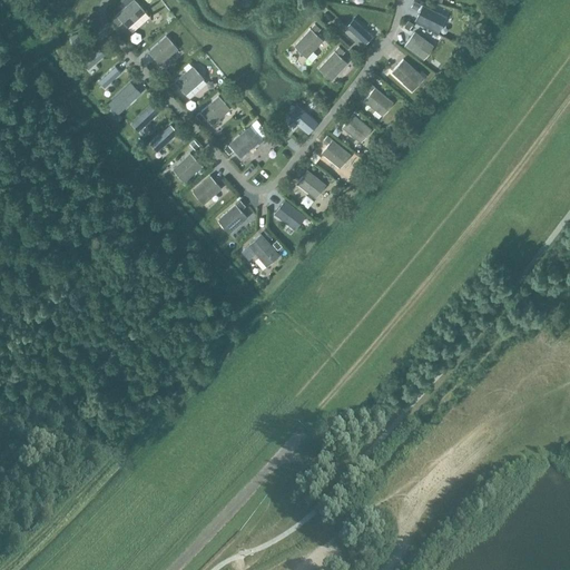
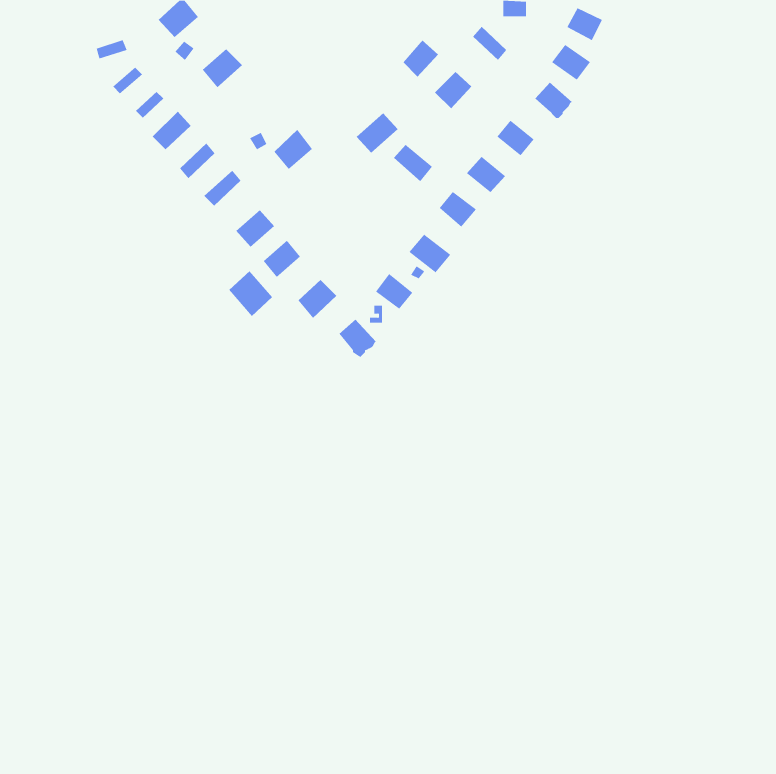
building: [174,66,204,96] -> none
building: [229,128,261,158] -> [356,113,398,154]
building: none -> [229,271,273,317]

